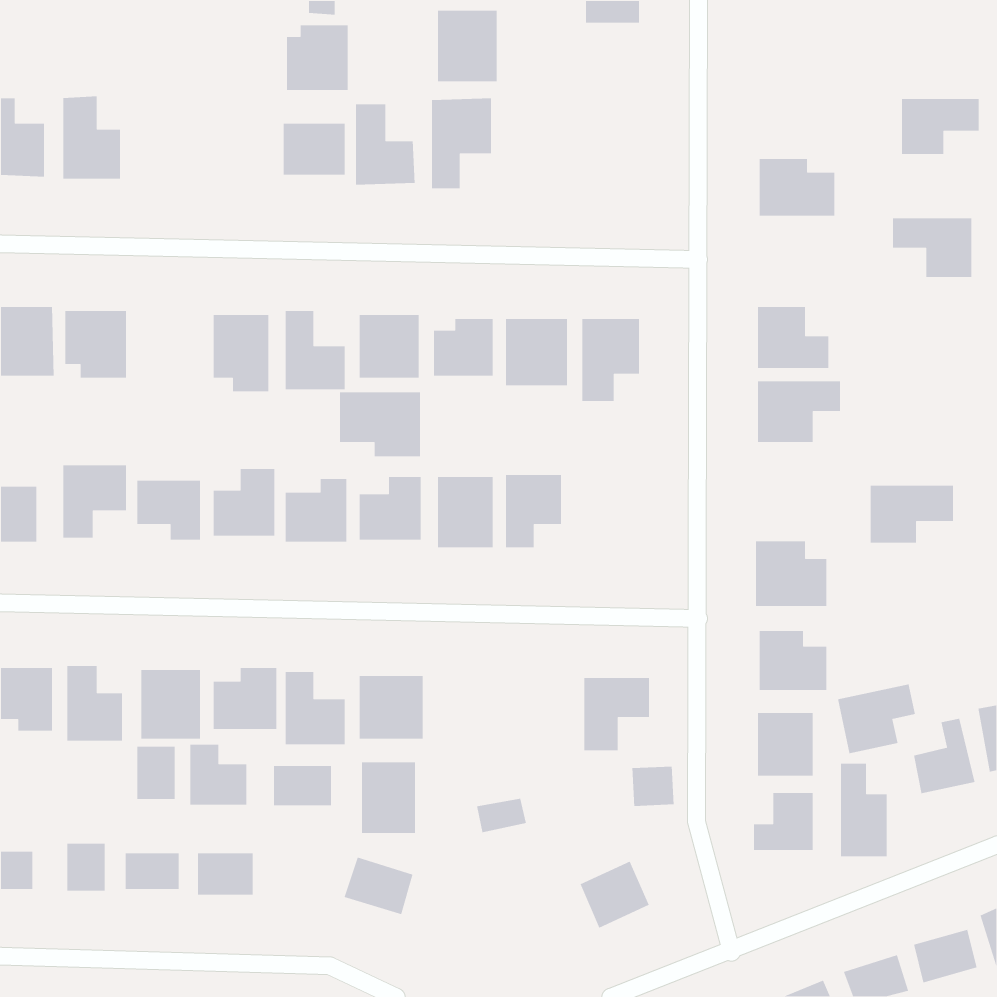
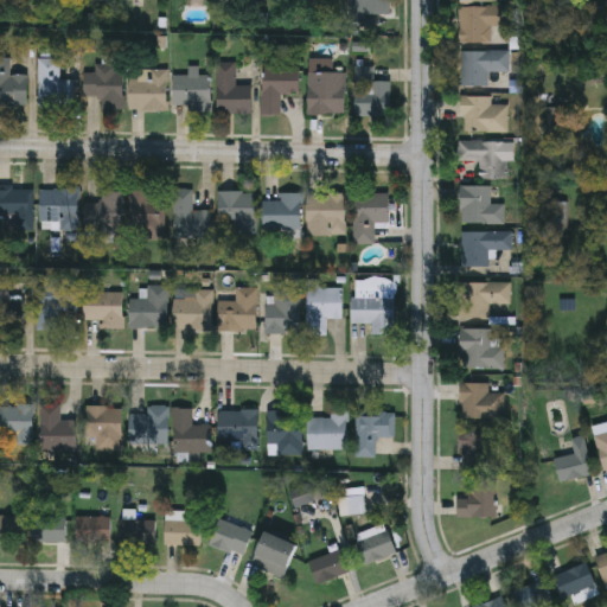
building: [437,10,498,82] -> [308,72,345,116]
building: none -> [458,7,503,43]
building: [286,25,349,91] -> [128,70,166,110]
building: [901,98,979,155] -> [461,51,509,85]
building: none -> [83,65,123,110]
building: none -> [354,66,389,116]
building: [892,217,972,278] -> [458,141,506,178]
building: none -> [83,191,122,232]
building: [339,392,421,457] -> none
building: none -> [352,282,395,334]
building: [870,485,954,543] -> [459,282,510,318]
building: none -> [308,413,347,449]
building: [837,683,916,754] -> none
building: [189,744,247,805] -> none
building: [136,746,176,800] -> none
building: [361,762,416,834] -> [268,411,301,455]
building: [840,763,887,857] -> none
building: [273,765,332,806] -> [165,520,200,545]
building: [632,766,675,807] -> [338,491,364,516]
building: none -> [251,531,298,579]
building: none -> [309,550,349,583]

